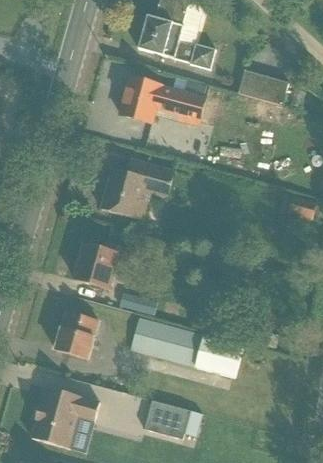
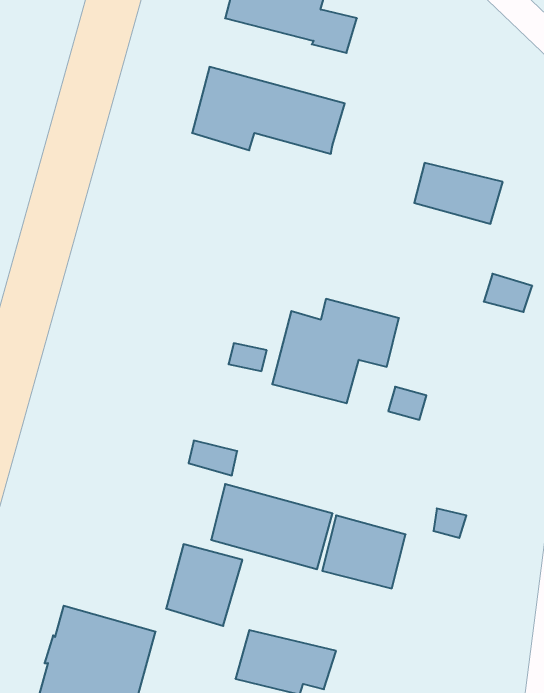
building: [237,69,288,104] -> [414,163,503,224]
building: [100,159,173,219] -> [272,299,399,403]
building: [74,241,130,288] -> none
building: [54,311,98,358] -> [166,544,242,626]

